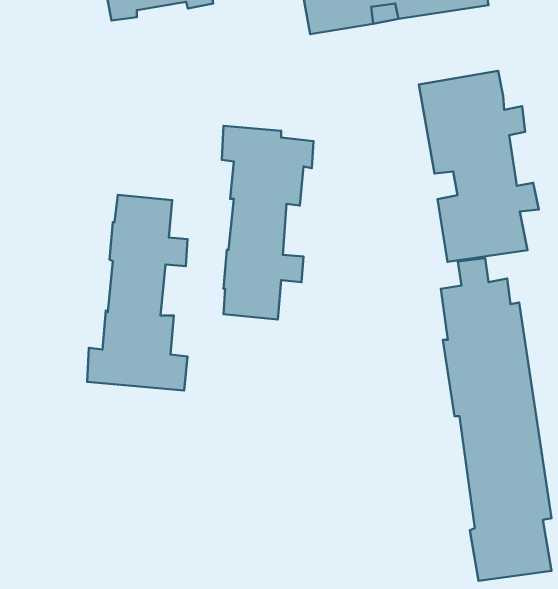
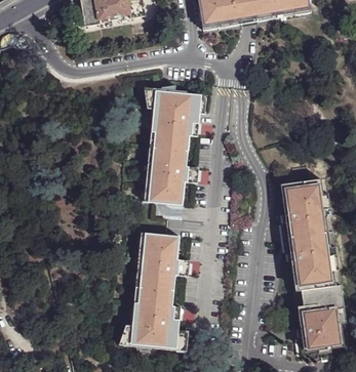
building: [419,71,539,262] -> none
building: [87,195,188,390] -> [128,232,189,349]

